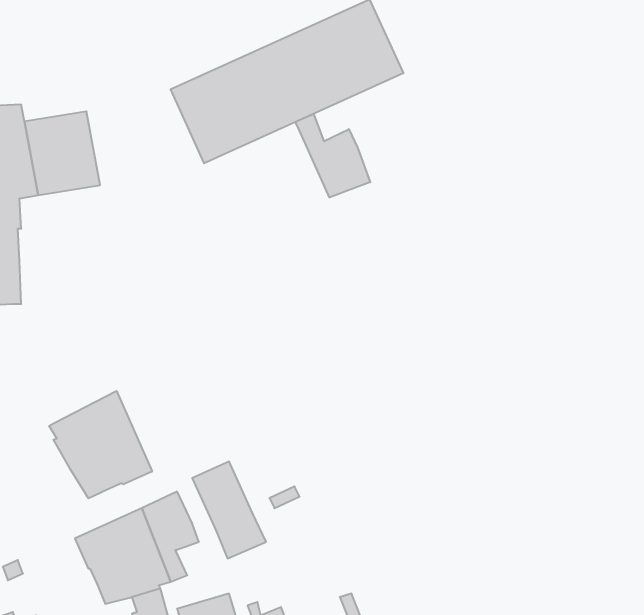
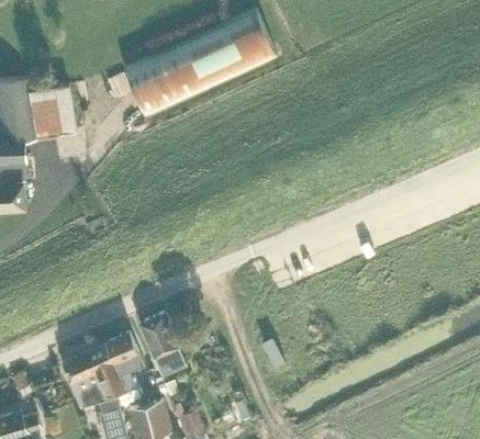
building: [295,114,370,197] -> none
building: [49,391,152,498] -> none

